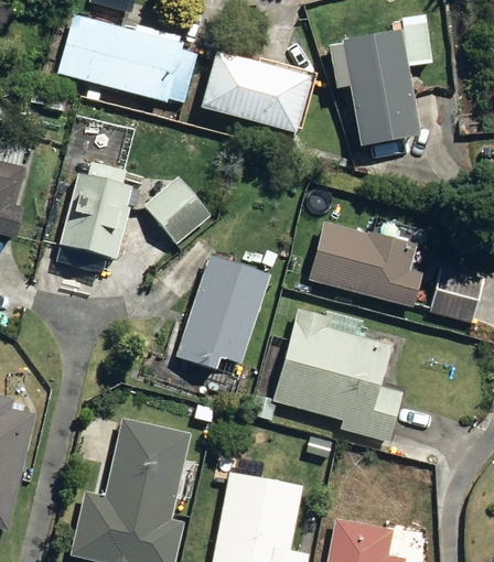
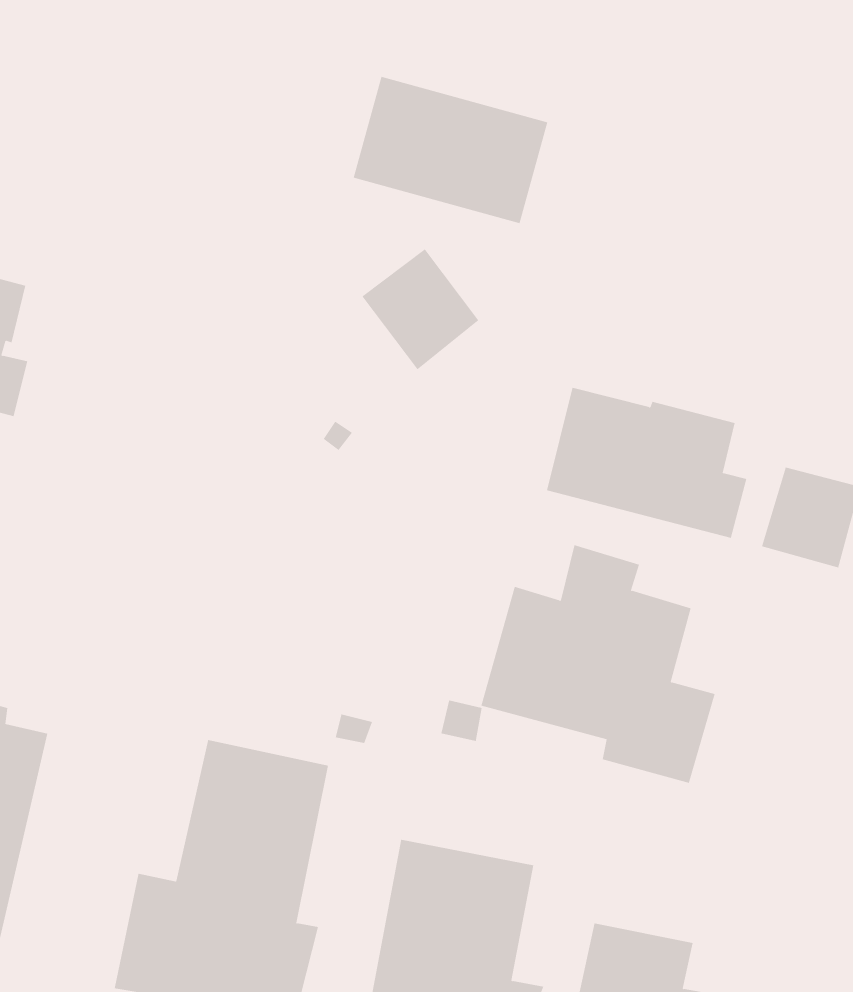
building: [56,14,196,102] -> none
building: [327,29,421,145] -> none
building: [60,162,143,258] -> none
building: [143,176,208,244] -> [361,249,479,370]
building: [176,256,269,369] -> none

